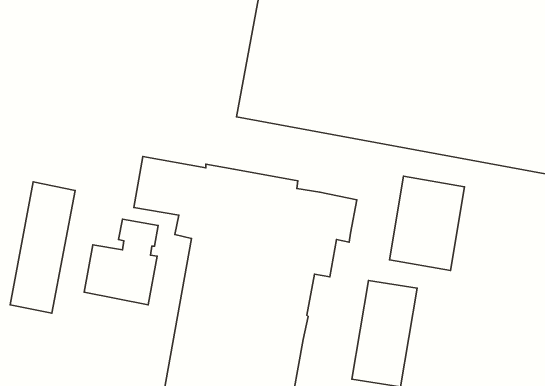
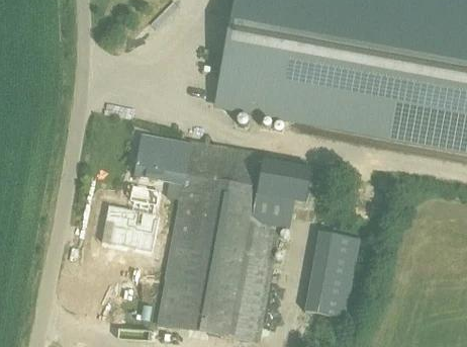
building: [389,176,465,271] -> none
building: [10,182,75,313] -> none

